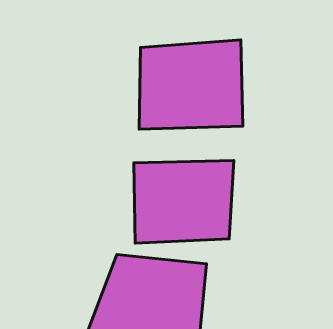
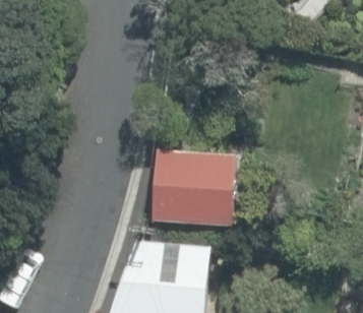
building: [139,40,243,129] -> none

